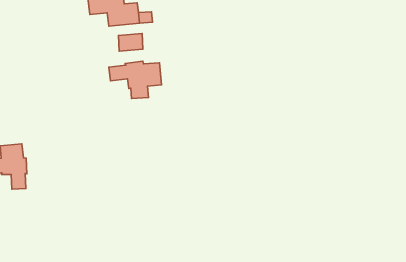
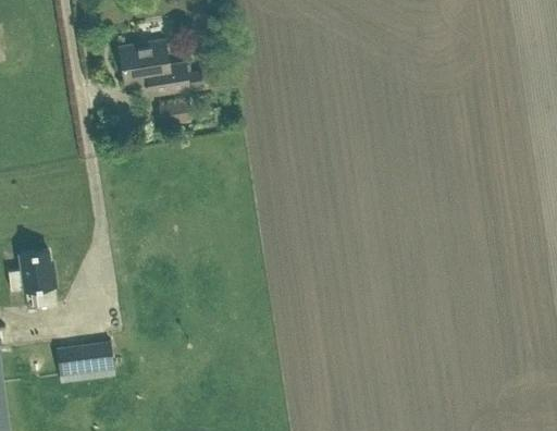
building: [109,61,161,99] -> none
building: none -> [57,340,114,373]

